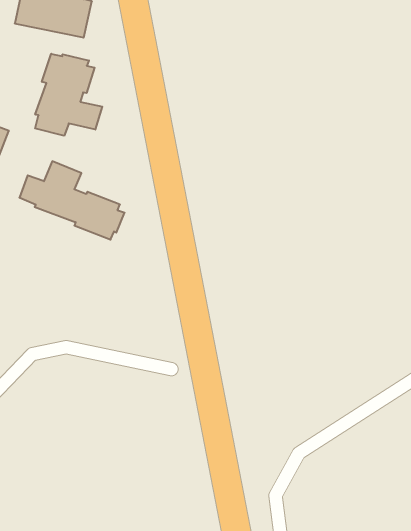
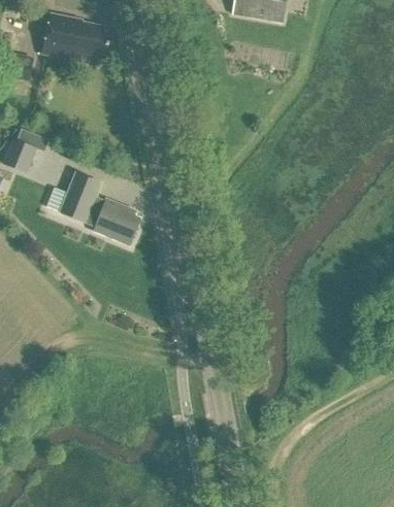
building: [35,54,102,136] -> none

